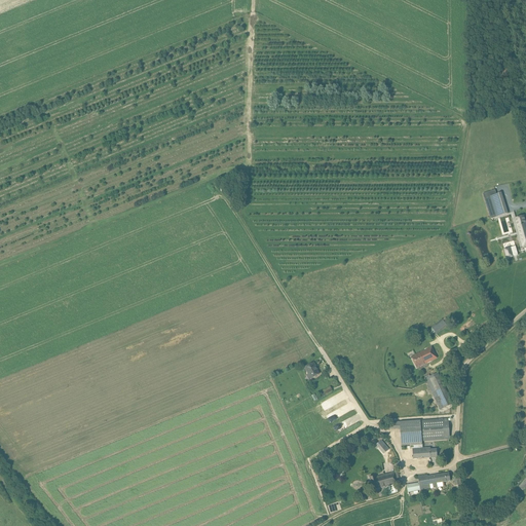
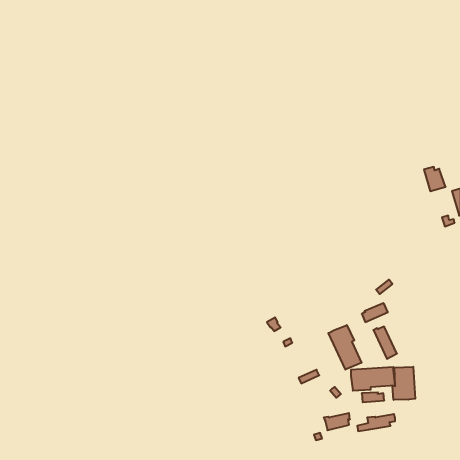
building: none -> [328,325,362,370]
building: none -> [392,367,415,400]

